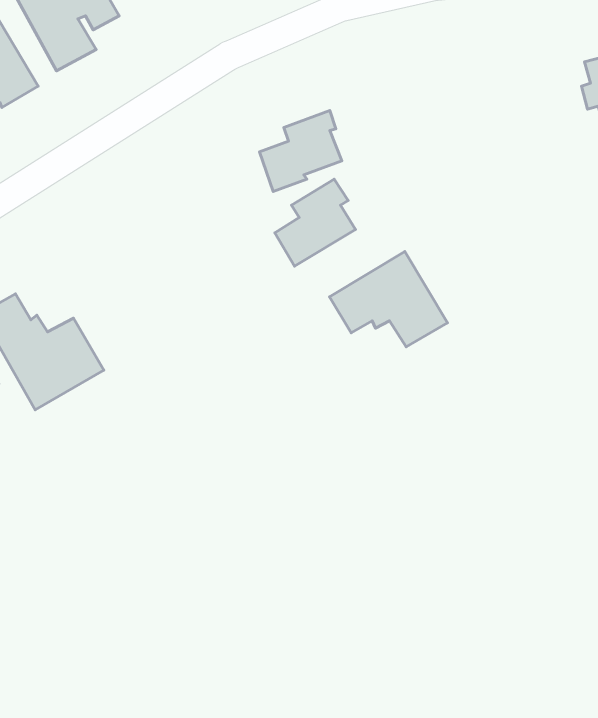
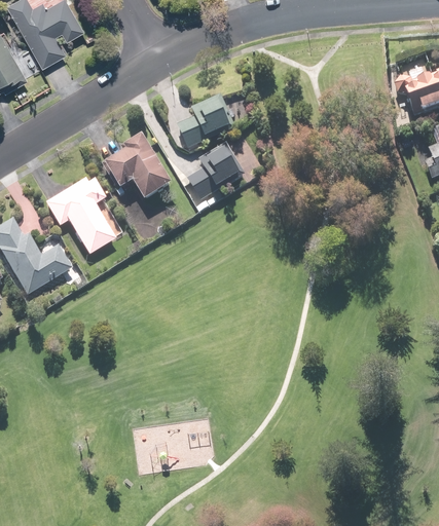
building: none -> [104,133,174,200]
building: none -> [45,178,116,255]
building: [329,251,448,347] -> none

